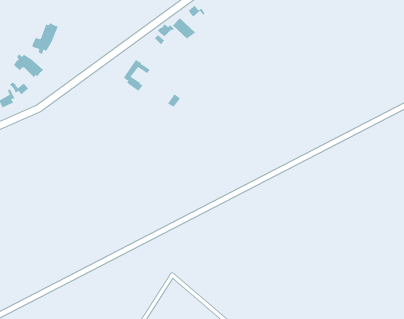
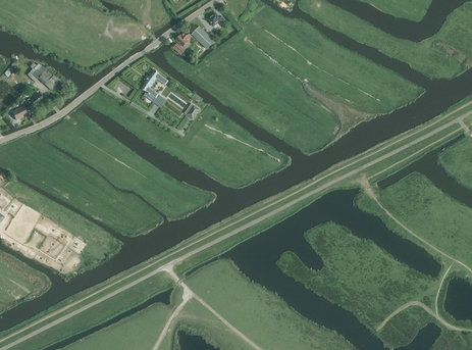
building: [31,23,59,55] -> none

